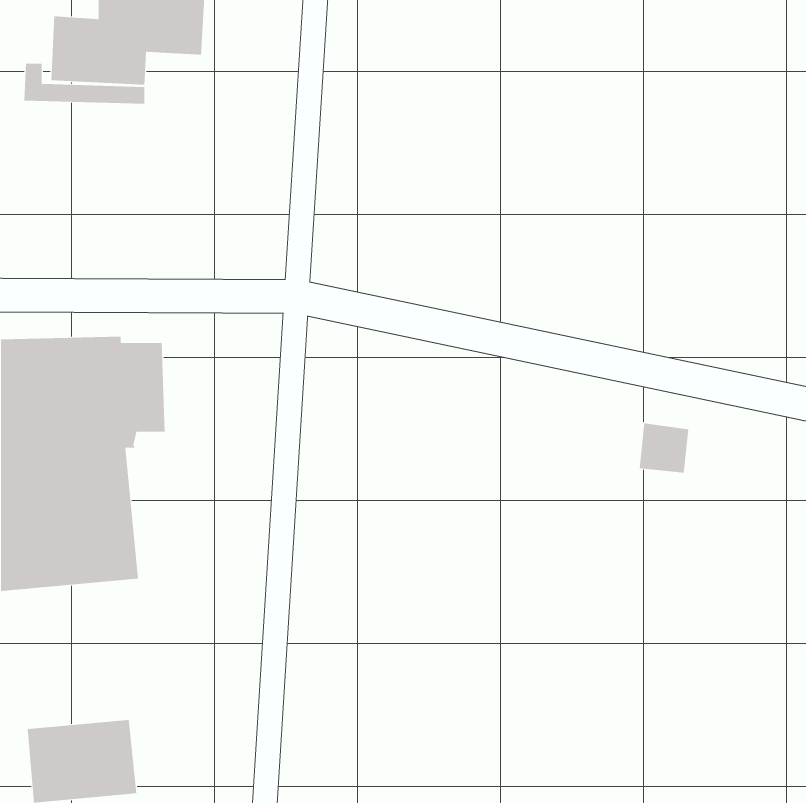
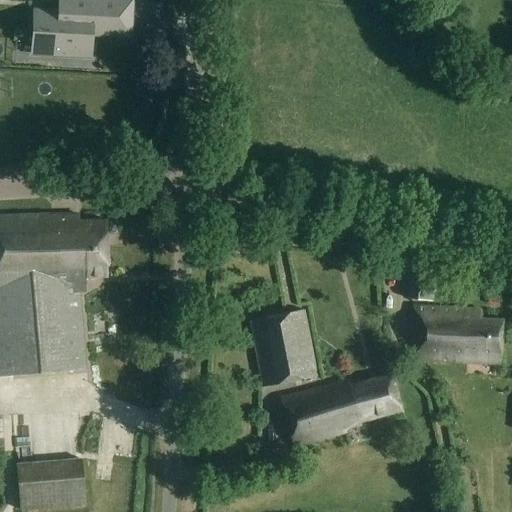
building: none -> [409,305,502,364]
building: none -> [250,309,317,386]
building: none -> [281,375,401,445]

